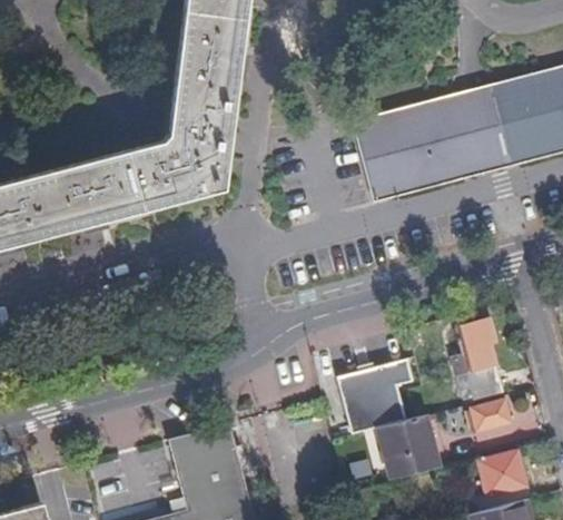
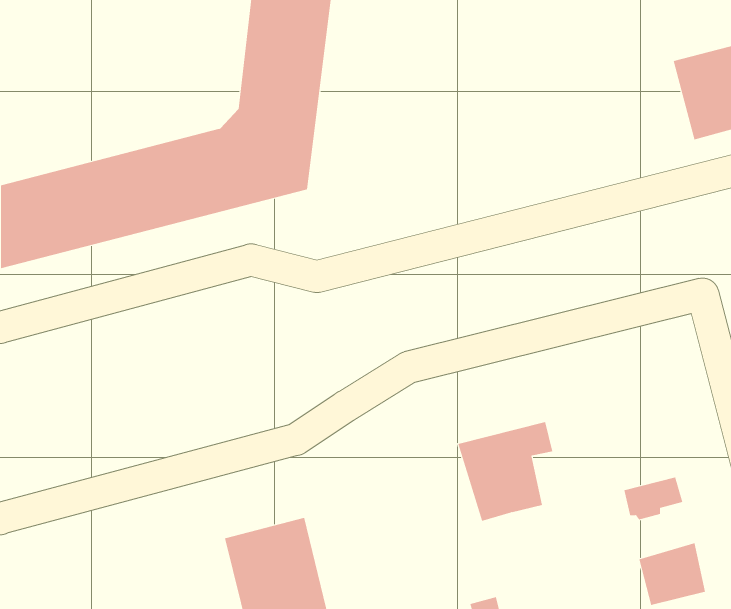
building: [371,91,516,185] -> none
building: [453,318,501,401] -> none
building: [381,416,438,480] -> none

